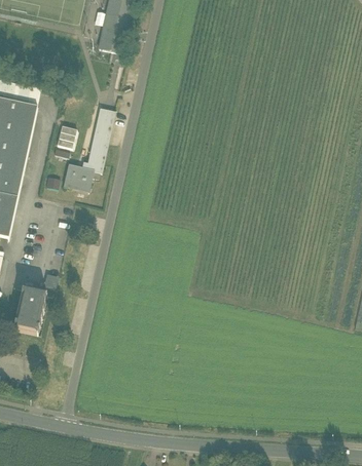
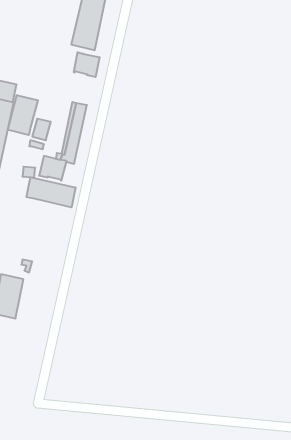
building: none -> [74,52,99,77]
building: none -> [8,95,38,135]
building: none -> [26,177,76,207]

